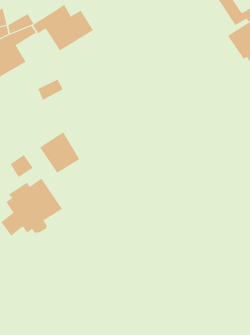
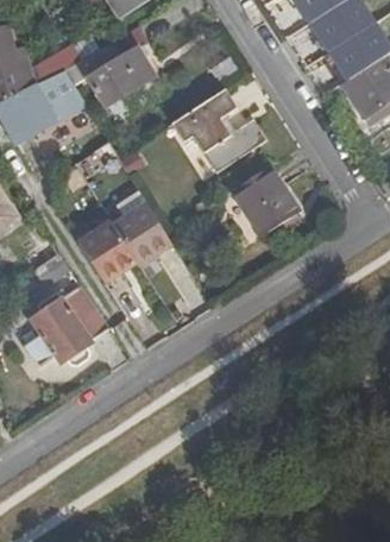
building: none -> [171,89,266,171]
building: none -> [233,166,298,235]
building: none -> [113,202,170,263]

